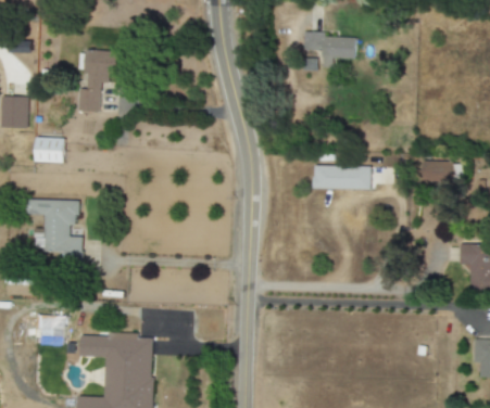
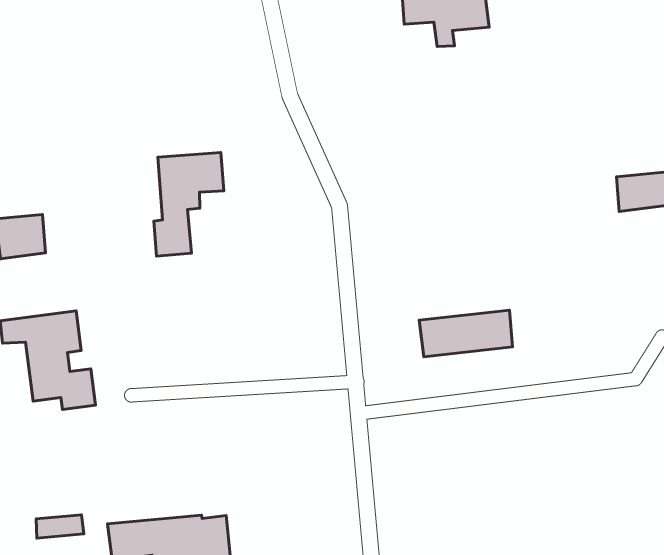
building: [77,50,125,112] -> [154,152,224,256]
building: [314,165,370,189] -> [419,310,513,357]

